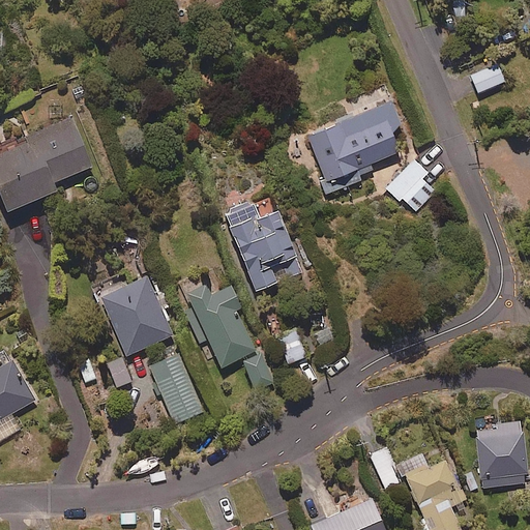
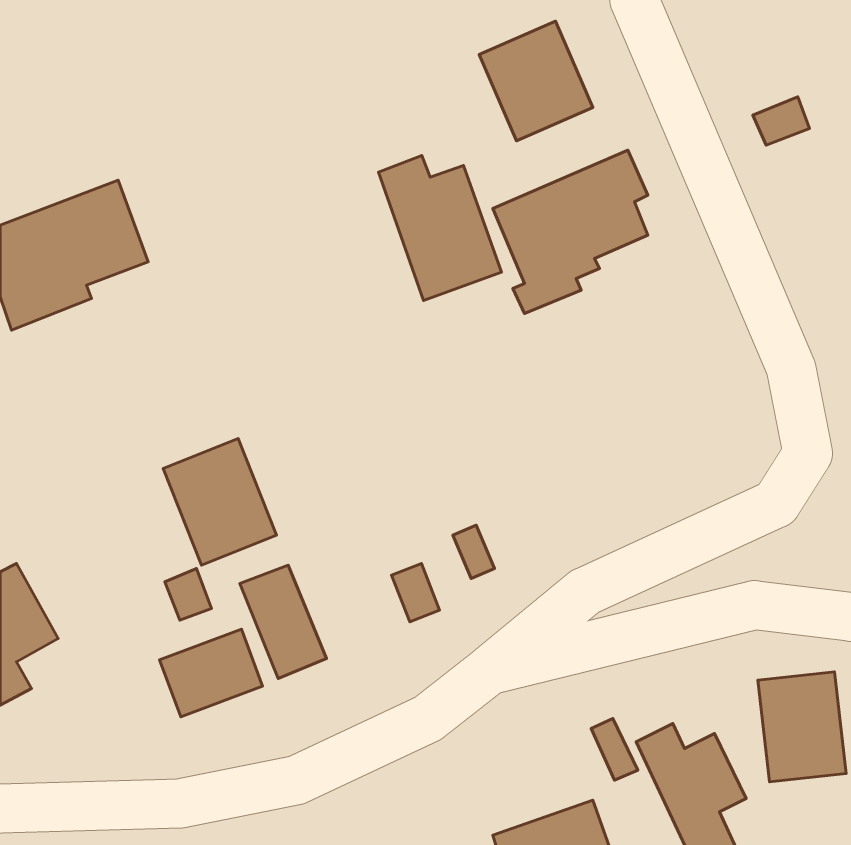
building: none -> [479,21,593,141]
building: [385,157,437,215] -> none
building: [227,199,303,289] -> [378,155,502,300]
building: [185,287,256,366] -> none
building: none -> [160,629,263,717]

